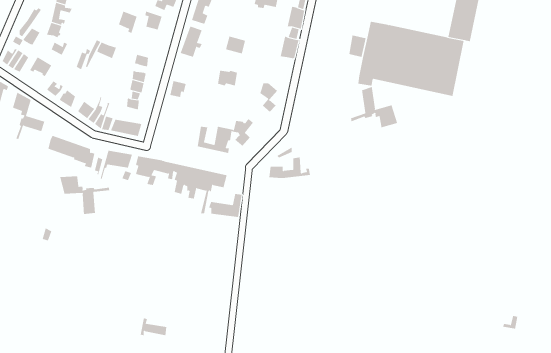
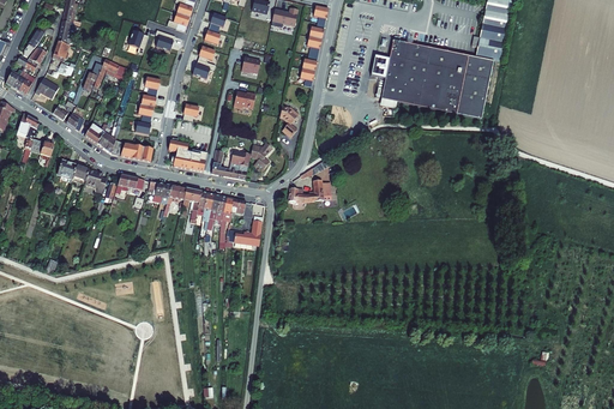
building: [350,86,398,128] -> none
building: none -> [170,138,209,169]
building: [59,176,110,215] -> none

